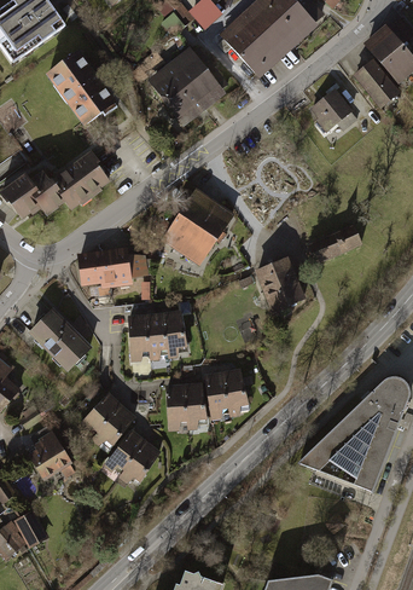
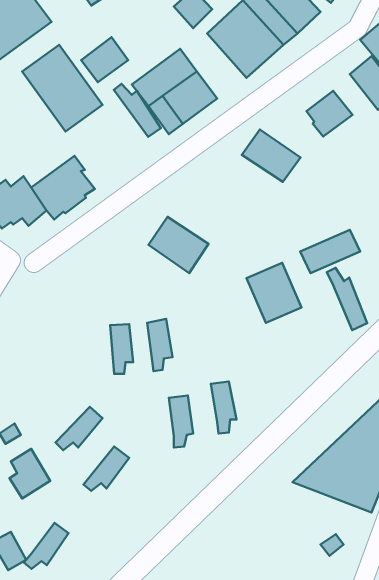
building: none -> [81,37,128,82]
building: none -> [114,84,161,137]
building: [180,186,235,236] -> [242,129,301,182]
building: [81,249,149,287] -> none
building: none -> [327,268,367,330]
building: [30,307,94,370] -> none
building: [144,311,165,359] -> none
building: [204,369,227,417] -> none
building: [164,382,186,429] -> none
building: [88,401,132,444] -> none
building: [115,439,157,482] -> [24,523,68,569]

